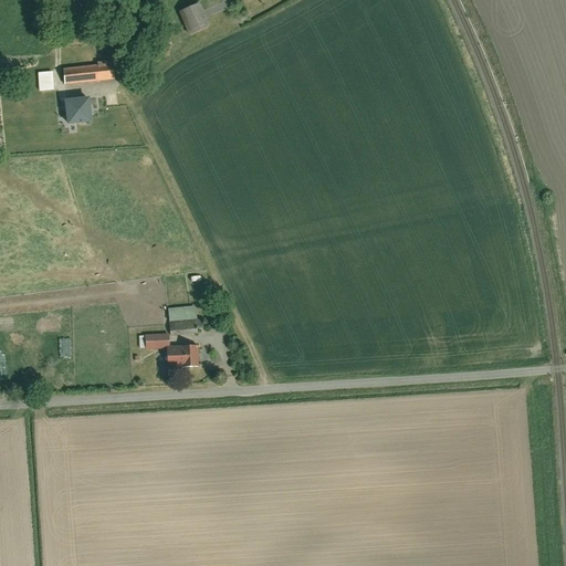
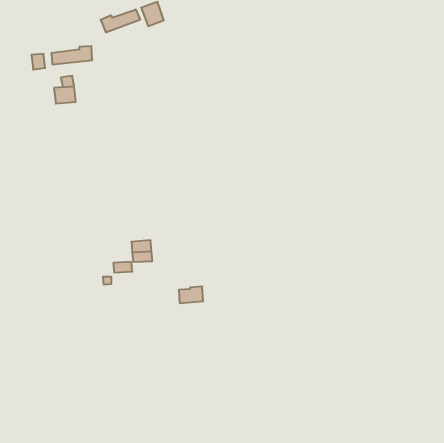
building: none -> [101,9,140,32]
building: [167,344,198,365] -> [179,286,203,303]

